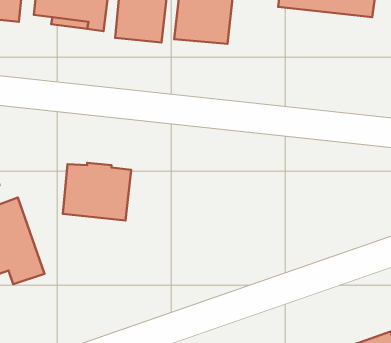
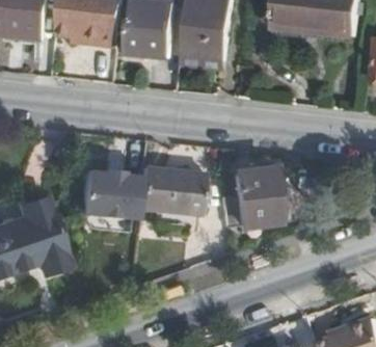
building: none -> [135,164,202,216]
building: none -> [218,169,275,230]

